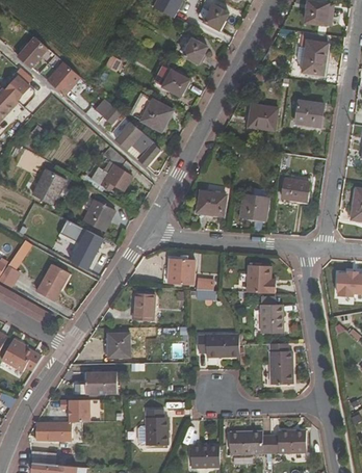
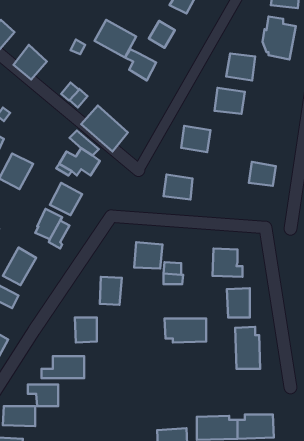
building: [131,94,173,131] -> [95,20,136,57]
building: [294,100,324,127] -> [226,53,255,81]
building: [240,194,269,220] -> [181,126,210,152]
building: [146,409,169,445] -> none

